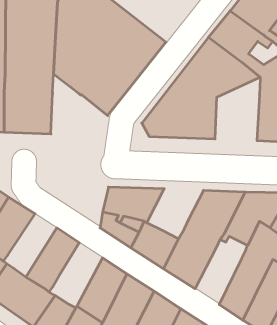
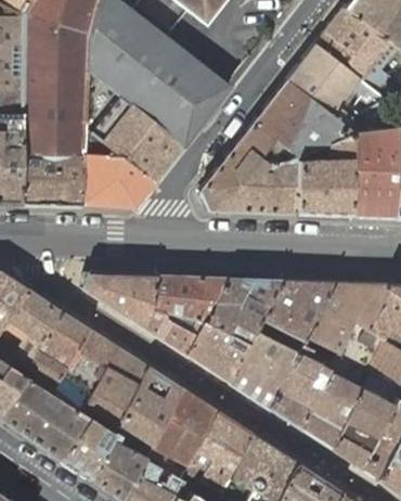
building: none -> [82,128,156,207]
building: none -> [296,132,354,215]
building: none -> [85,273,157,329]
building: none -> [207,278,281,332]
building: none -> [21,310,90,393]
building: none -> [270,344,331,428]
building: none -> [80,348,150,433]

